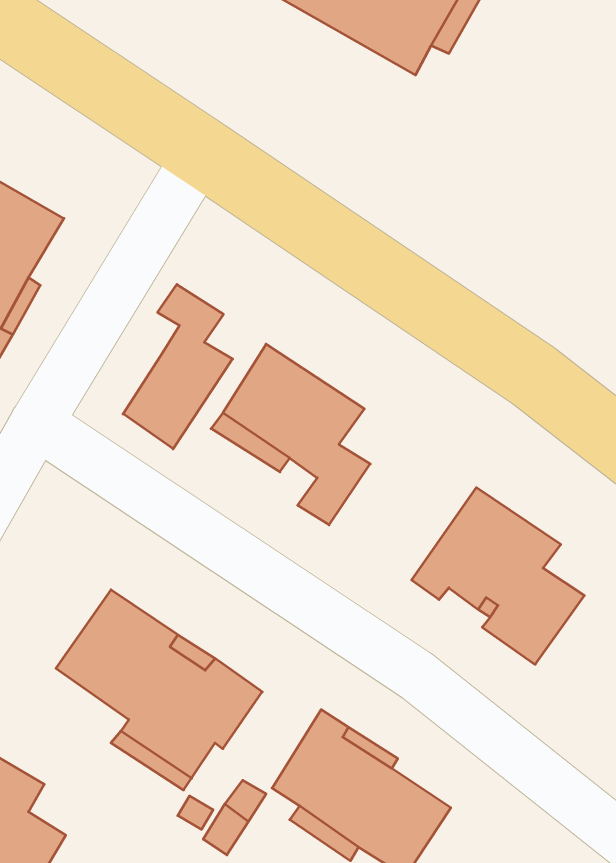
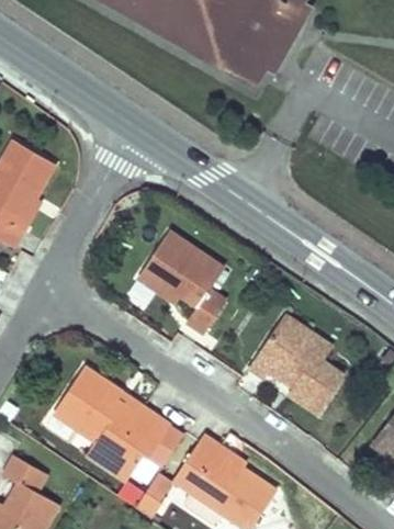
building: [123,284,233,449] -> none

